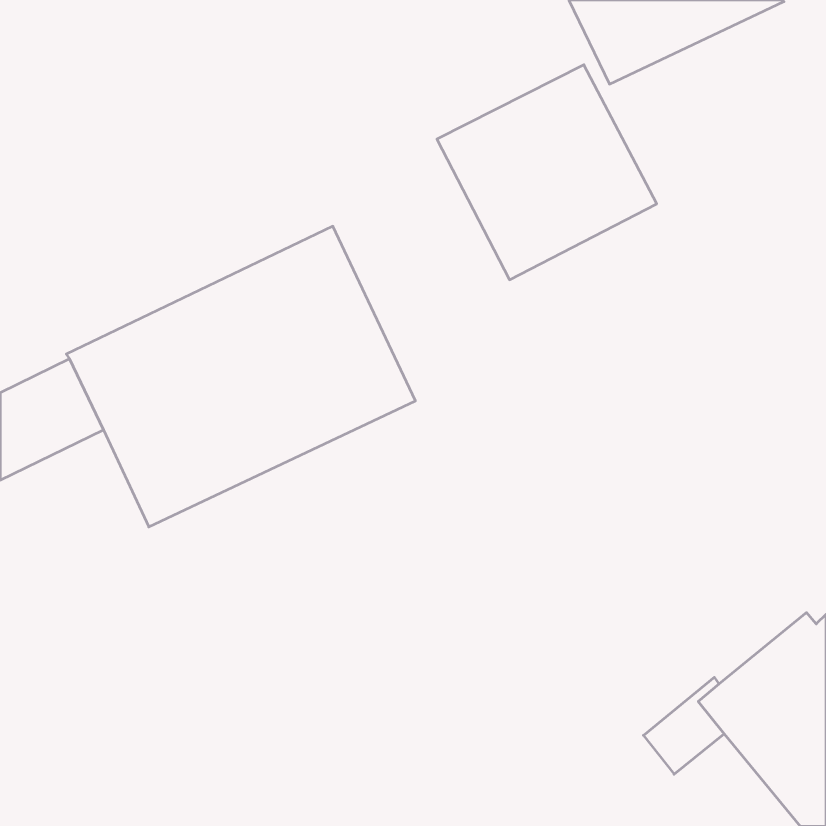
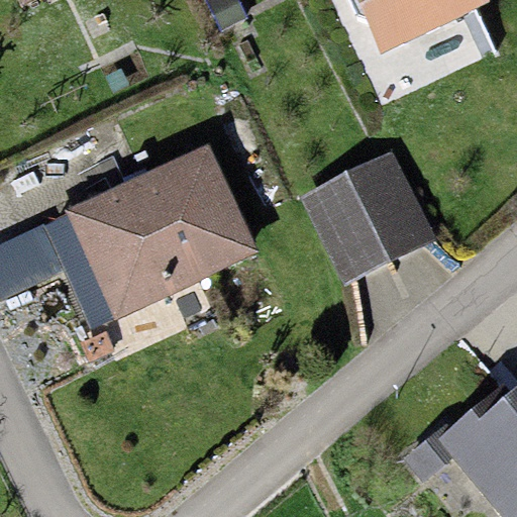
building: [437,65,657,280] -> [299,151,436,286]

